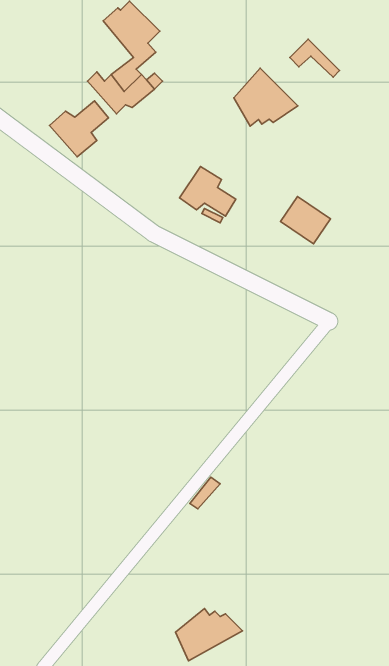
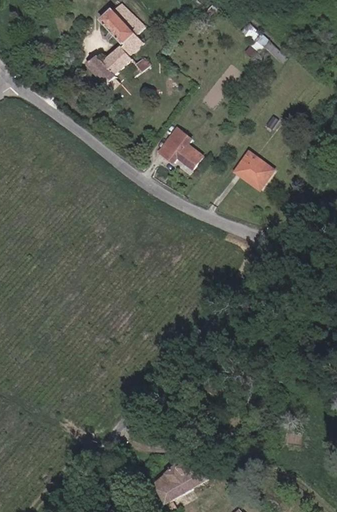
building: [234,68,298,126] -> none
building: [49,101,109,157] -> none

